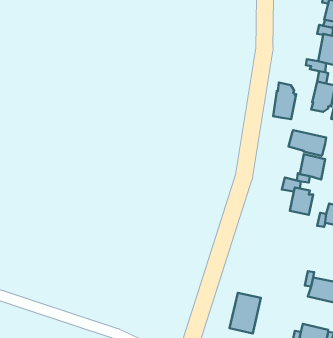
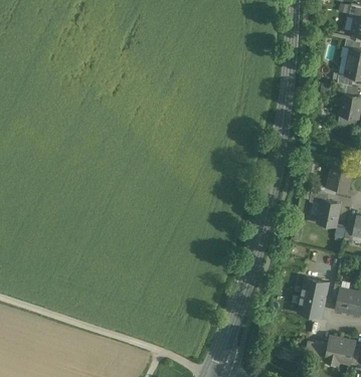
building: [273,83,296,119] -> none
building: [288,130,326,156] -> none
building: [230,293,261,333] -> [298,276,329,317]

